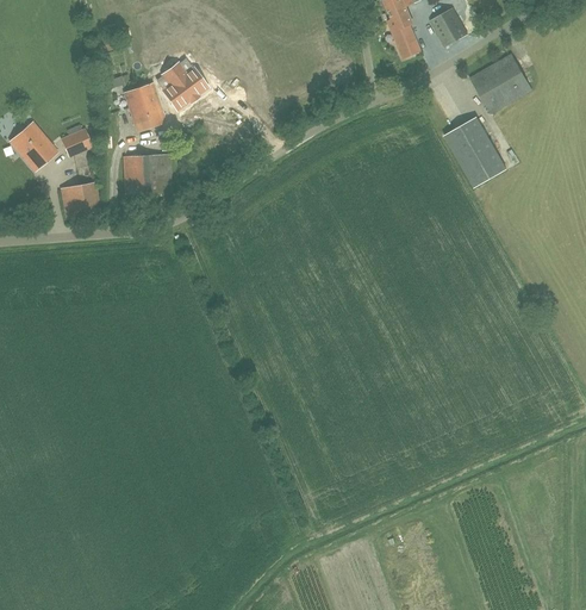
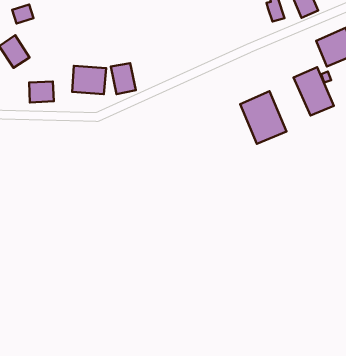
building: [162,63,206,110] -> none
building: [124,83,164,131] -> [111,63,136,94]
building: [60,127,92,157] -> [12,5,33,24]
building: none -> [240,91,287,144]

